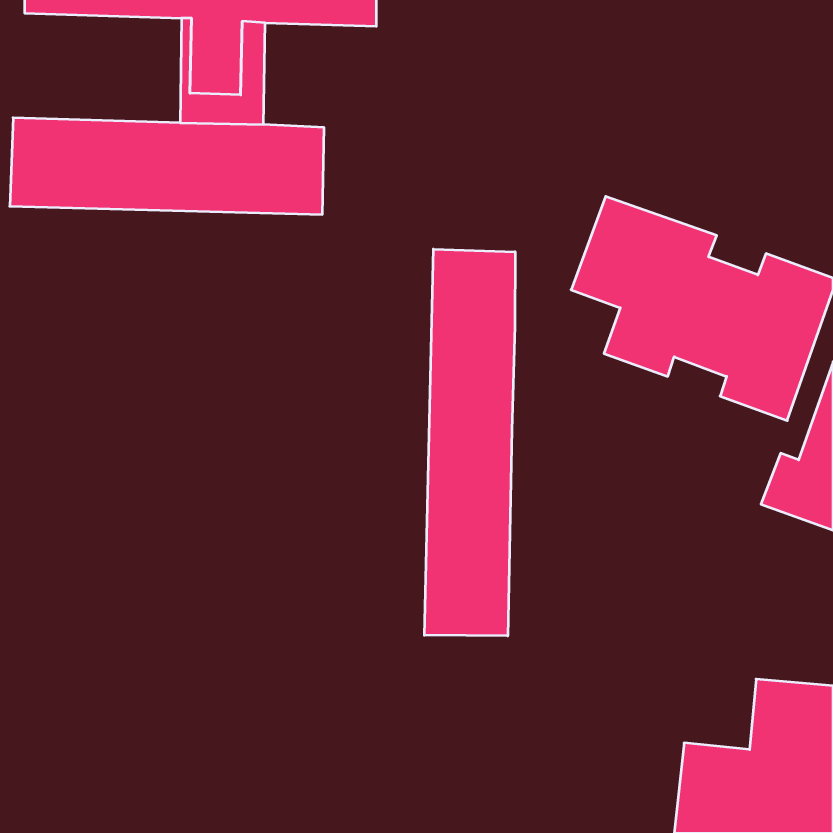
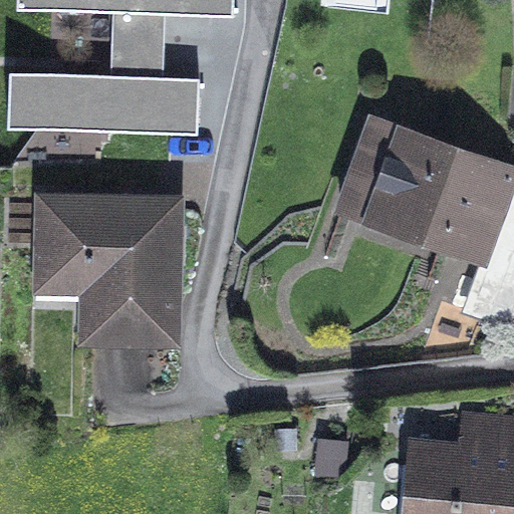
building: [424,249,515,636] -> none
building: none -> [42,200,175,338]

